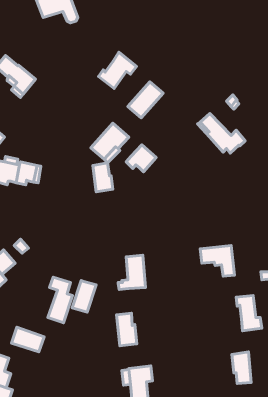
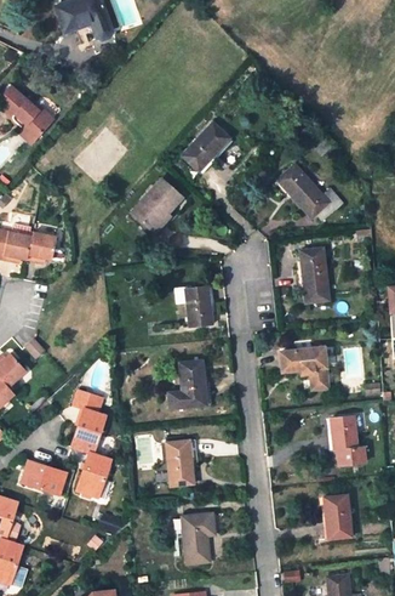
building: [99,52,137,88] -> none
building: [126,145,156,172] -> none
building: [93,163,113,192] -> [185,286,213,327]
building: none -> [296,248,328,302]
building: [72,280,96,312] -> [78,453,110,496]

